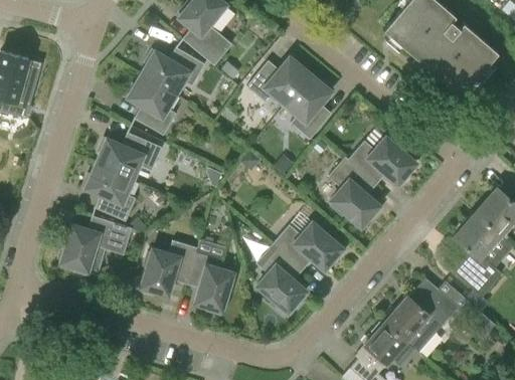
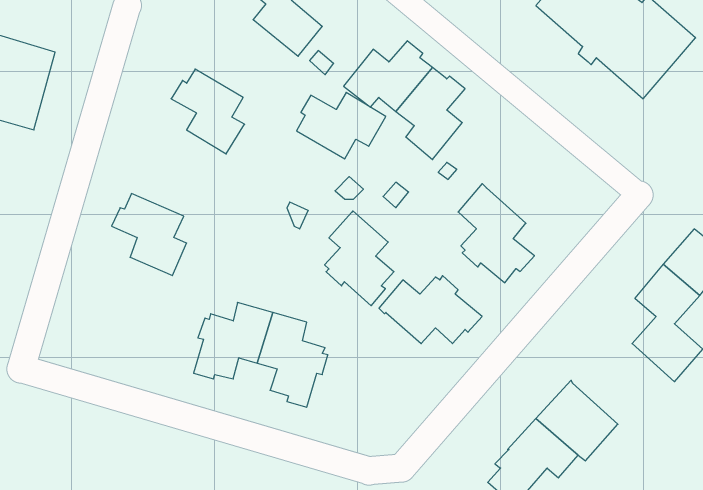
building: [141,47,204,94] -> [297,92,386,159]
building: [96,133,161,179] -> none
building: [348,137,415,186] -> none
building: [58,216,131,274] -> none
building: [256,247,306,315] -> [325,211,394,306]
building: [409,278,485,327] -> none

